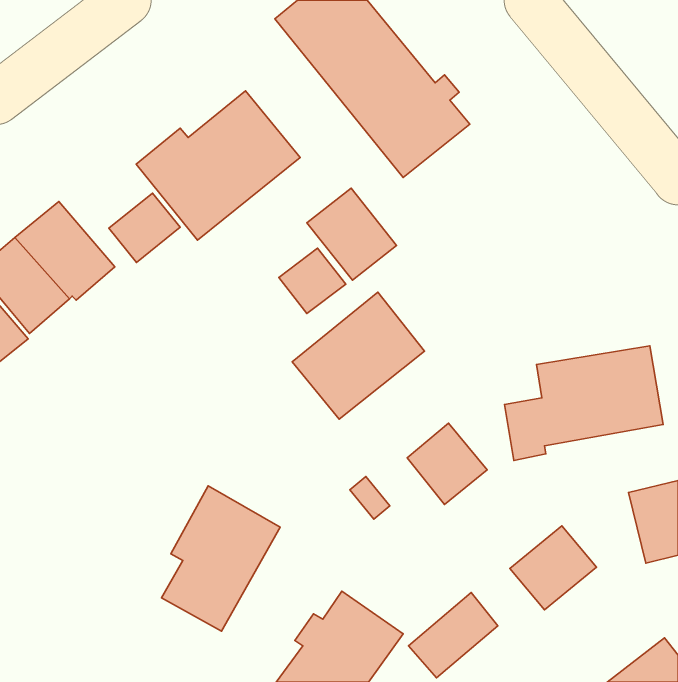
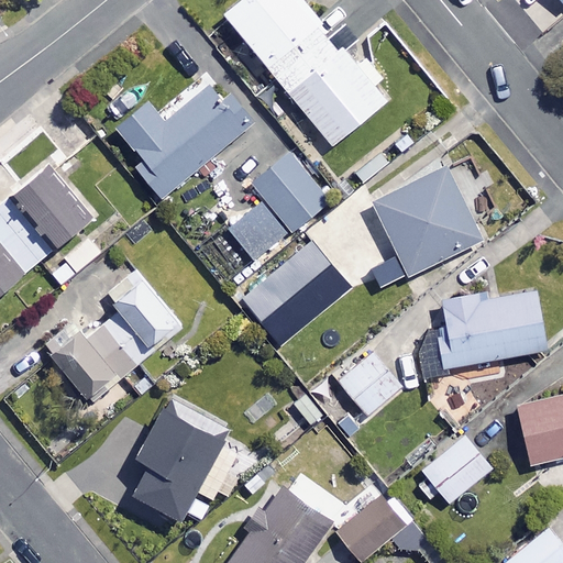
building: [109,193,180,262] -> none
building: none -> [373,168,481,276]
building: none -> [45,269,183,400]

